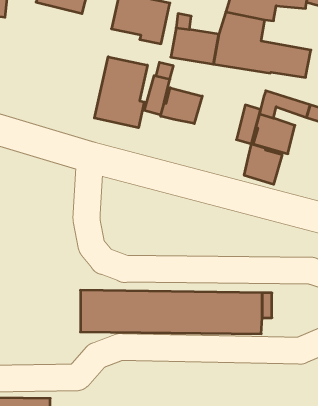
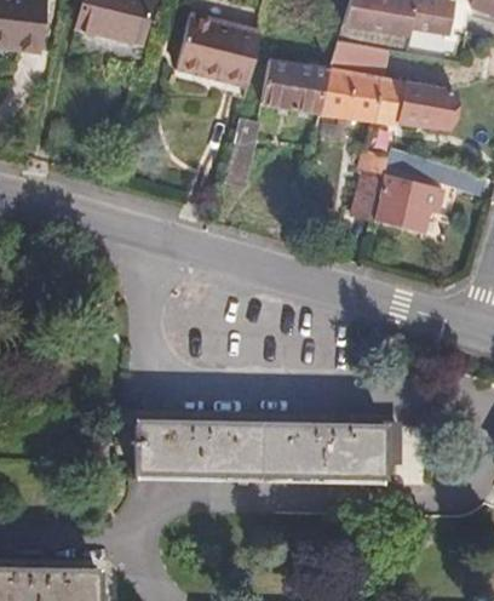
building: [94,57,147,128] -> none
building: [161,88,202,124] -> none
building: [244,144,282,184] -> none

